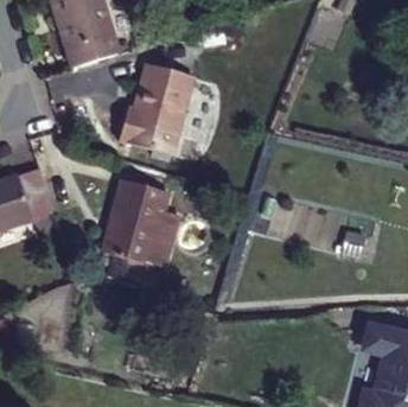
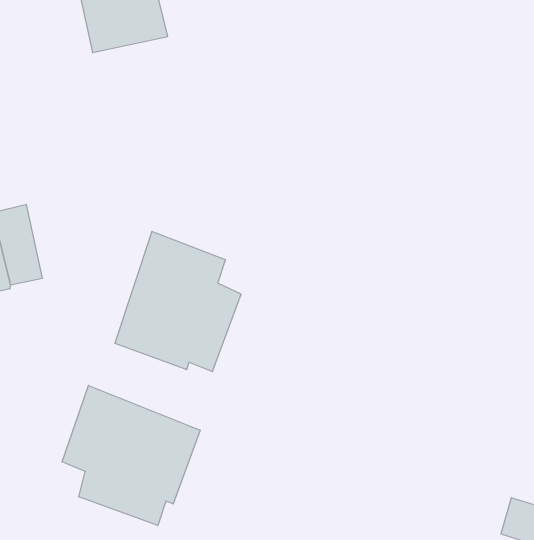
building: [119,63,192,155] -> none
building: none -> [62,385,200,526]

